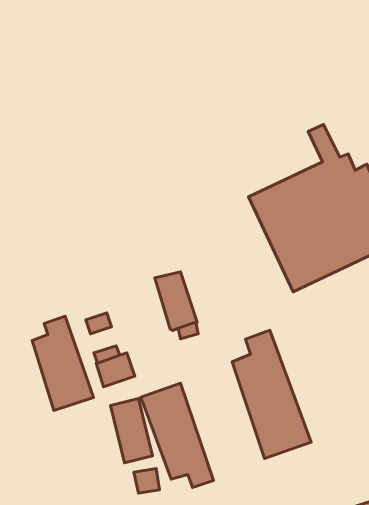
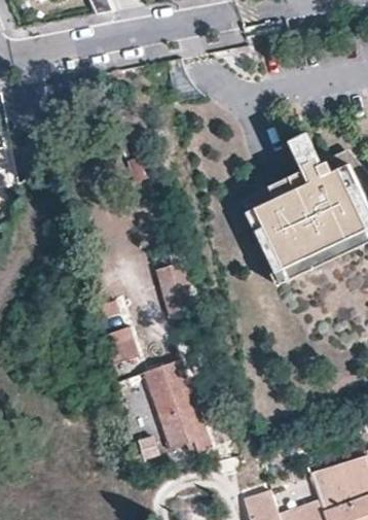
building: [32,316,94,411] -> none
building: [232,330,311,458] -> none

